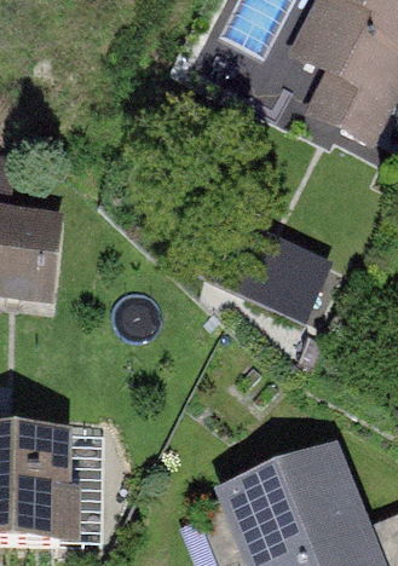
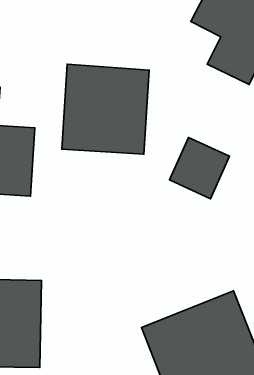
building: none -> [62,64,149,154]

